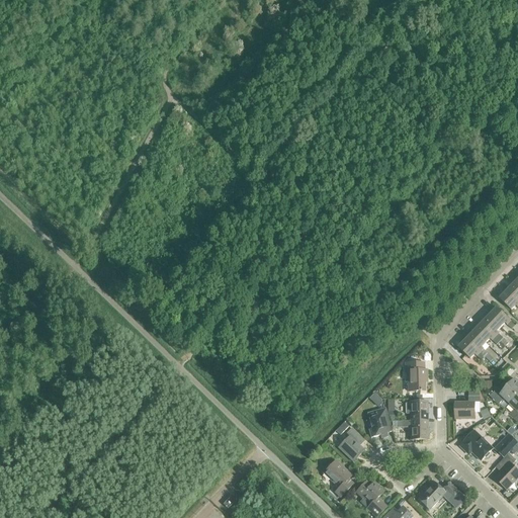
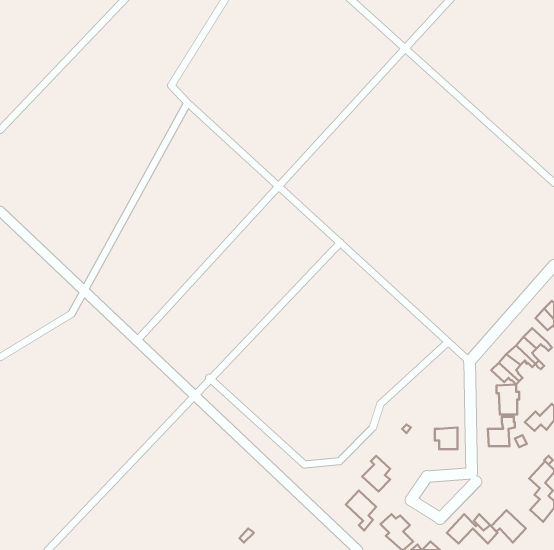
building: [405,361,426,390] -> [497,384,519,415]
building: [367,407,388,436] -> none
building: [401,419,427,438] -> none
building: [460,429,493,459] -> [491,510,526,542]

